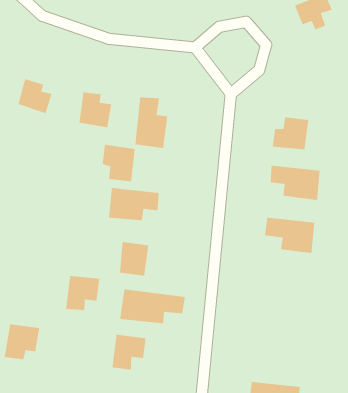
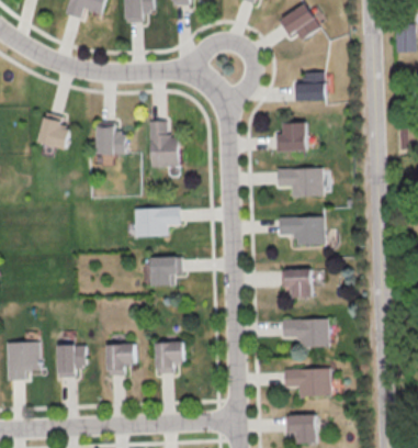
building: none -> [294,75,326,101]
building: [102,144,135,182] -> none
building: none -> [280,269,312,299]
building: [65,275,100,311] -> [105,344,134,377]
building: [119,289,186,324] -> none
building: none -> [282,320,328,348]

